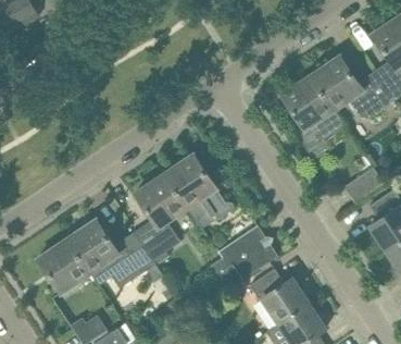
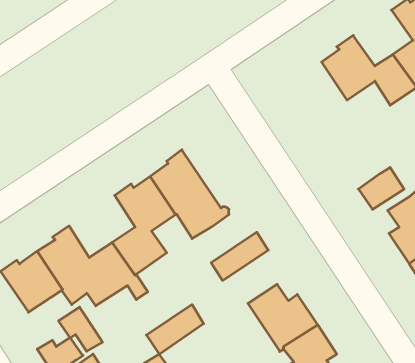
building: [281,78,343,161] -> none
building: [227,239,276,282] -> [146,305,204,354]
building: none -> [59,307,102,351]

